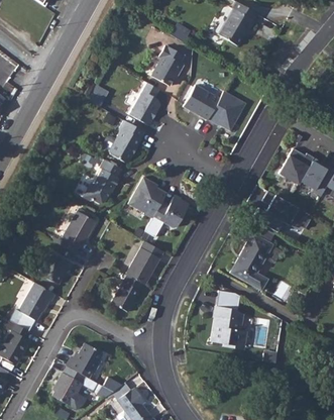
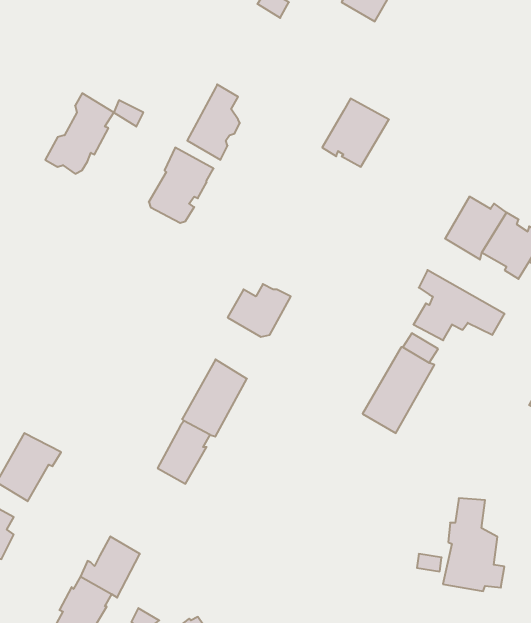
building: [151,44,184,85] -> none
building: [183,84,220,120] -> none
building: [83,158,122,204] -> [45,93,114,174]
building: [129,177,165,218] -> none
building: [52,211,97,252] -> none
building: [41,252,75,284] -> none
building: [211,291,246,344] -> [443,498,504,591]

